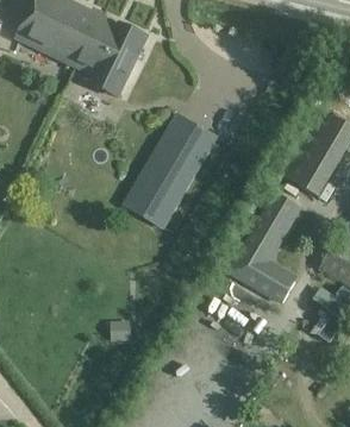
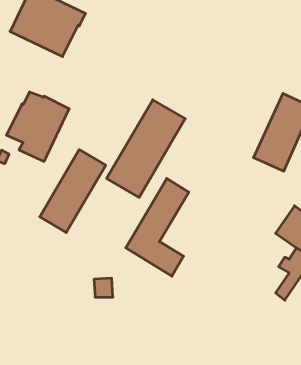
building: [75,18,146,96] -> [6,92,69,161]
building: none -> [40,150,106,233]
building: [229,191,300,302] -> [126,178,189,276]

